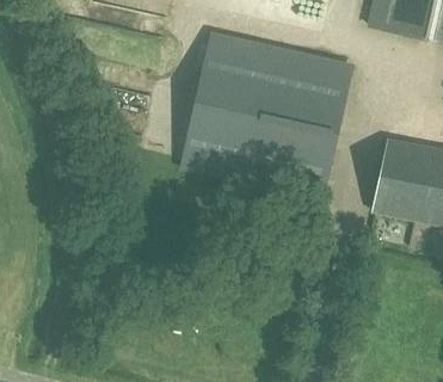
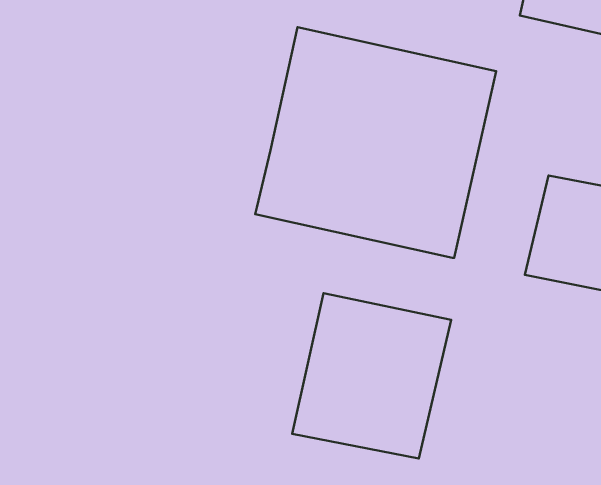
building: none -> [292,293,451,458]

